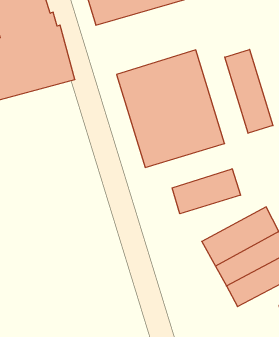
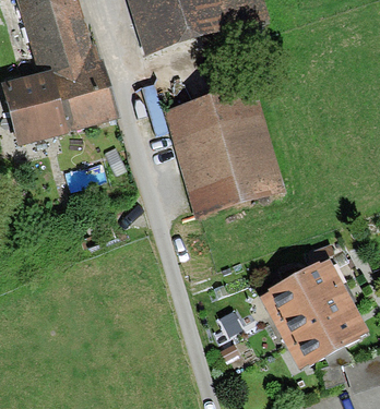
building: [225,49,273,133] -> none
building: [172,169,241,214] -> none

